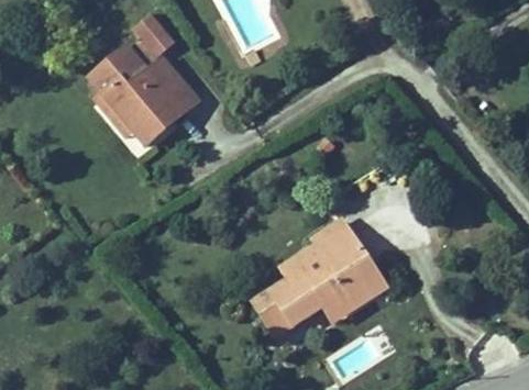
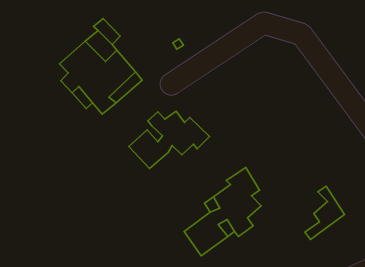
building: none -> [129,111,209,169]
building: [329,259,383,332] -> [305,186,345,240]

